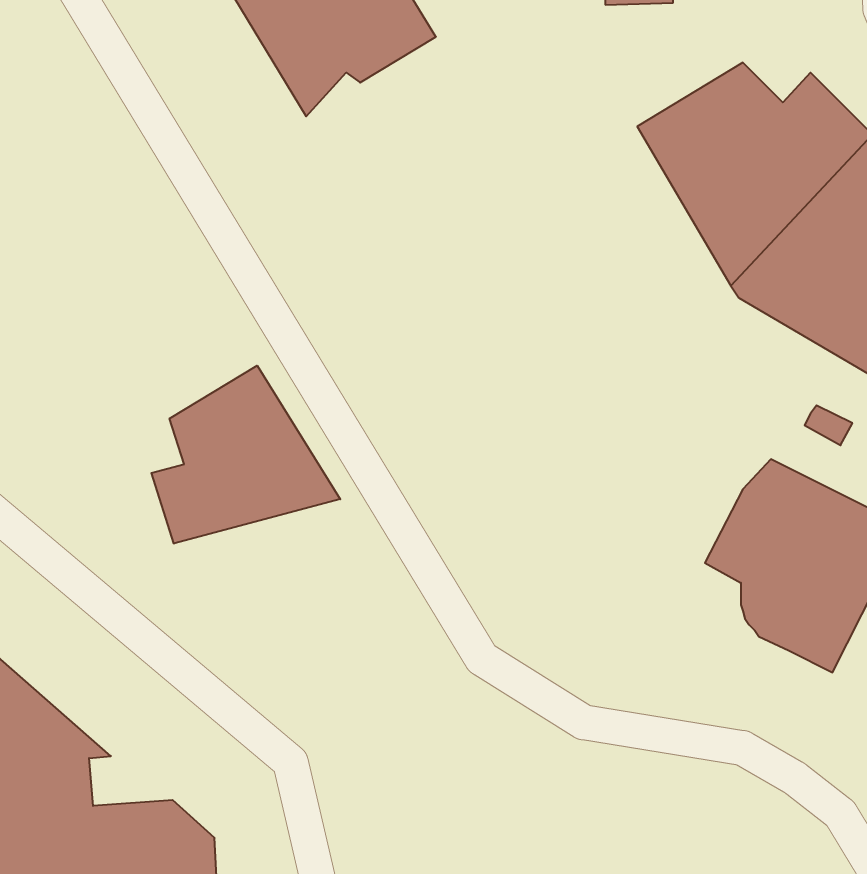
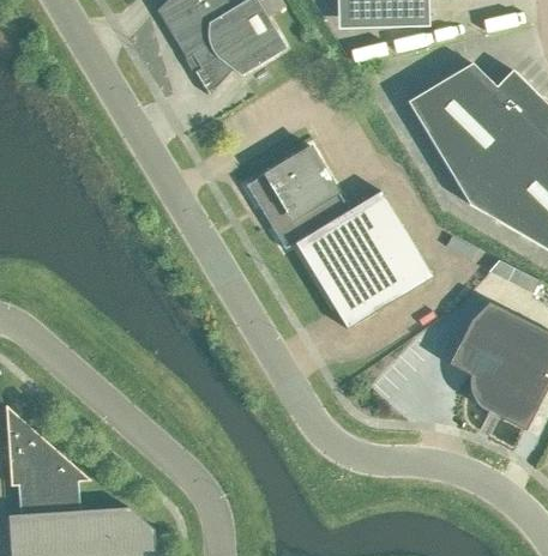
building: none -> [246,146,433,330]
building: [151,366,340,544] -> none

